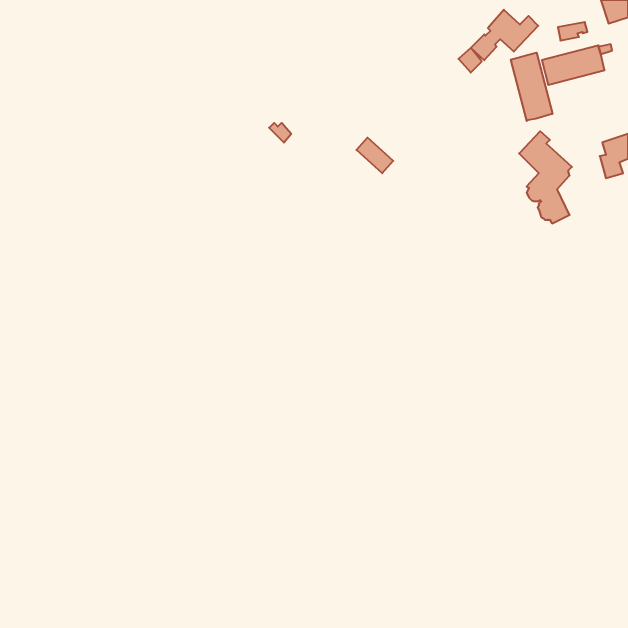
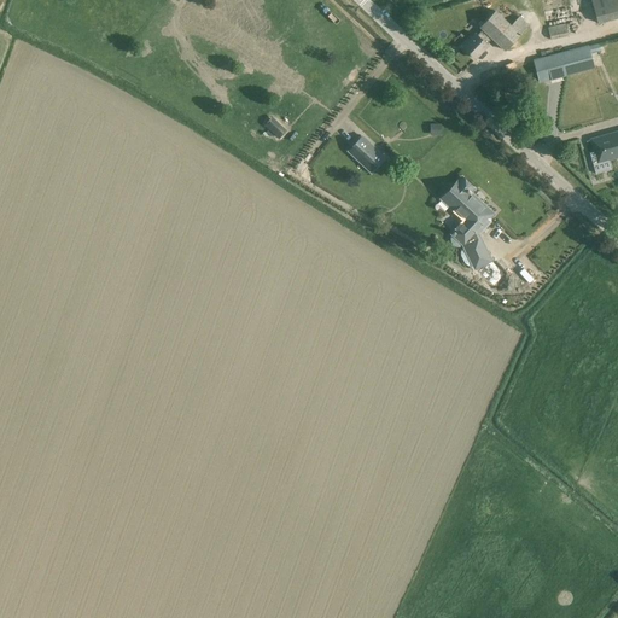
building: [511,53,552,121] -> none
building: [519,131,572,223] -> [442,179,494,269]

